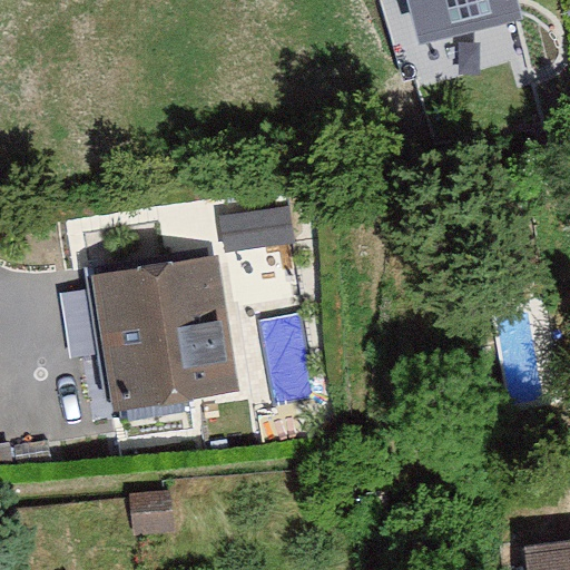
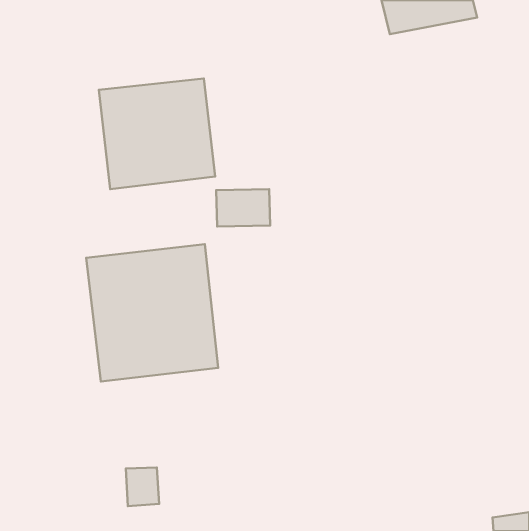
building: none -> [99,78,215,189]

